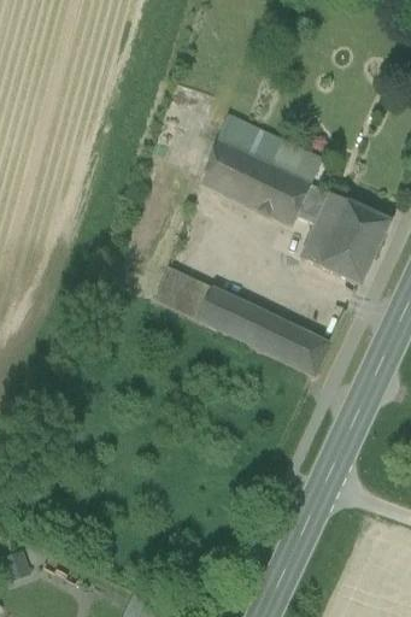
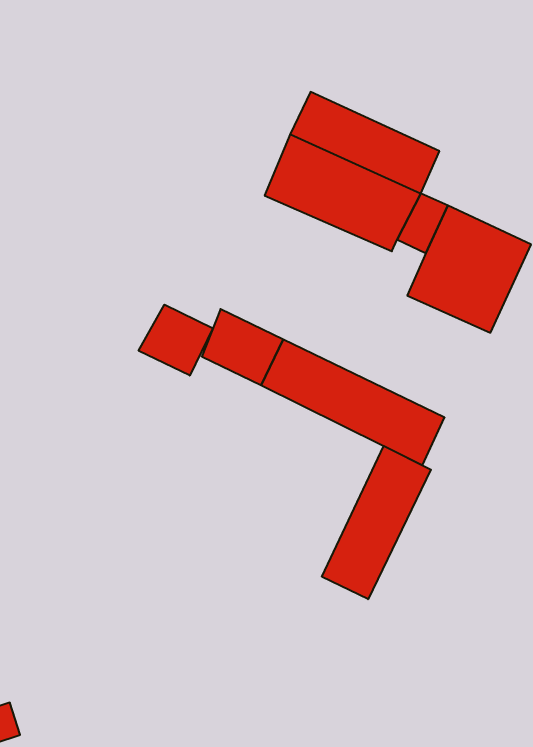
building: none -> [139,305,213,376]
building: none -> [322,446,431,599]

